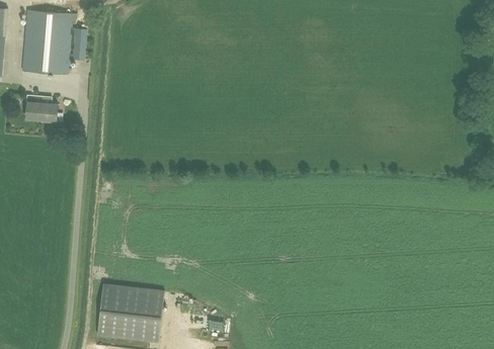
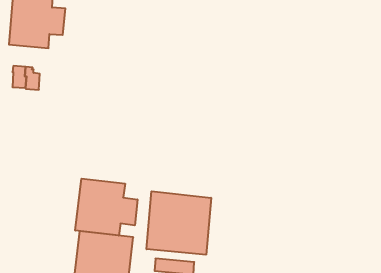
building: none -> [75,179,137,236]
building: none -> [147,191,211,255]

